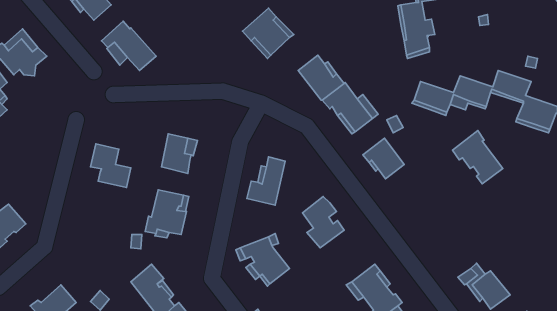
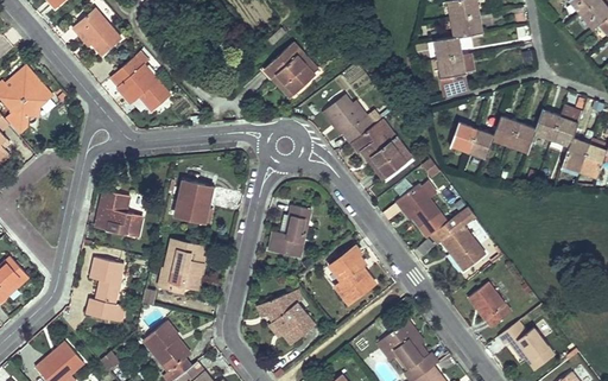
building: [453,130,503,184] -> [430,212,484,271]
building: none -> [87,256,124,320]
building: none -> [468,281,509,326]

